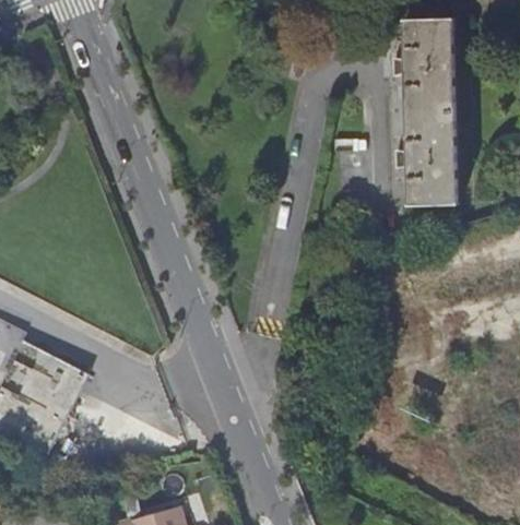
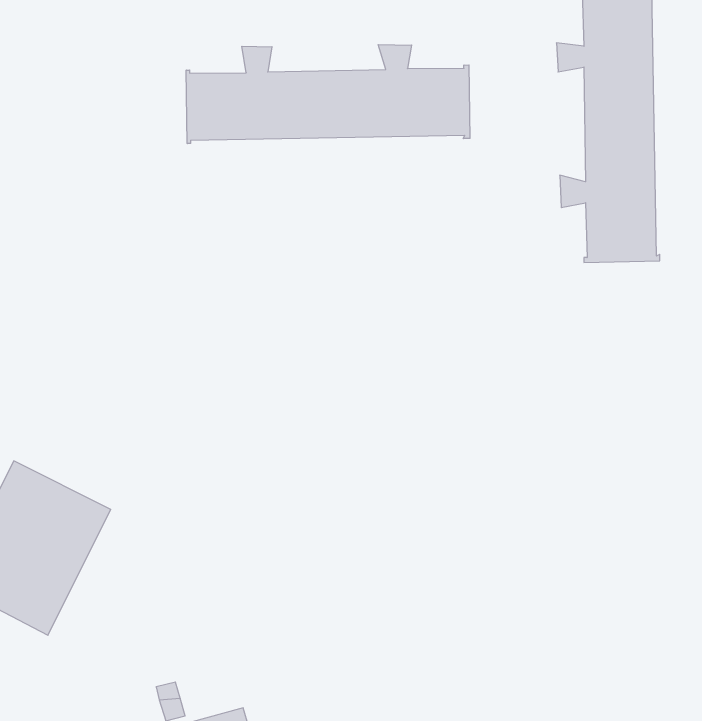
building: none -> [186,45,470,144]

